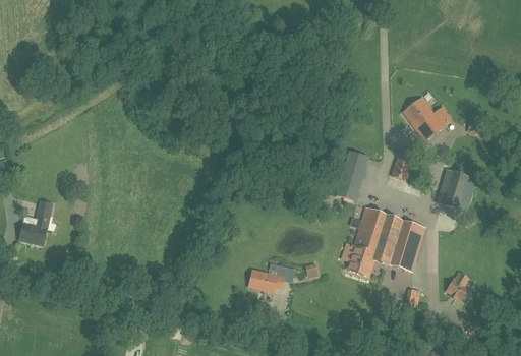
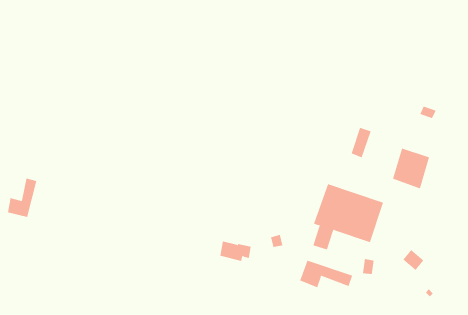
building: [403,96,452,139] -> none
building: [336,151,368,199] -> none
building: none -> [299,260,353,288]

